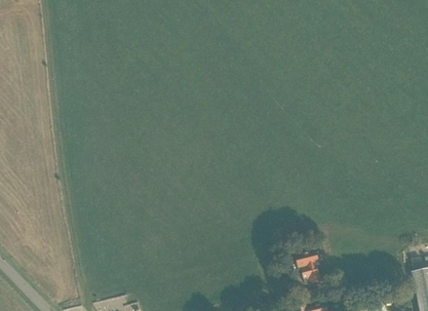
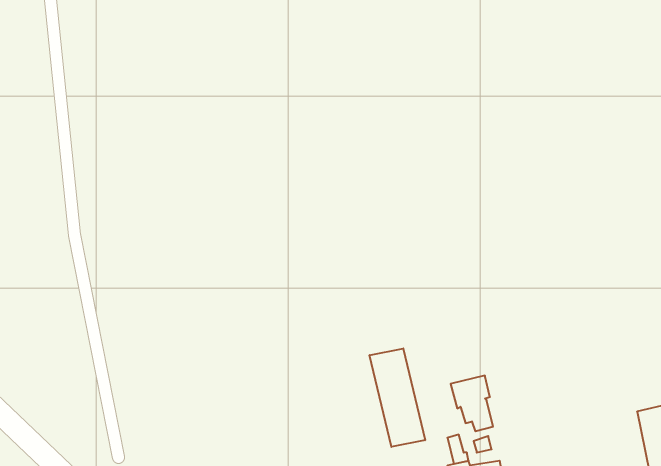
building: none -> [370,348,425,447]

